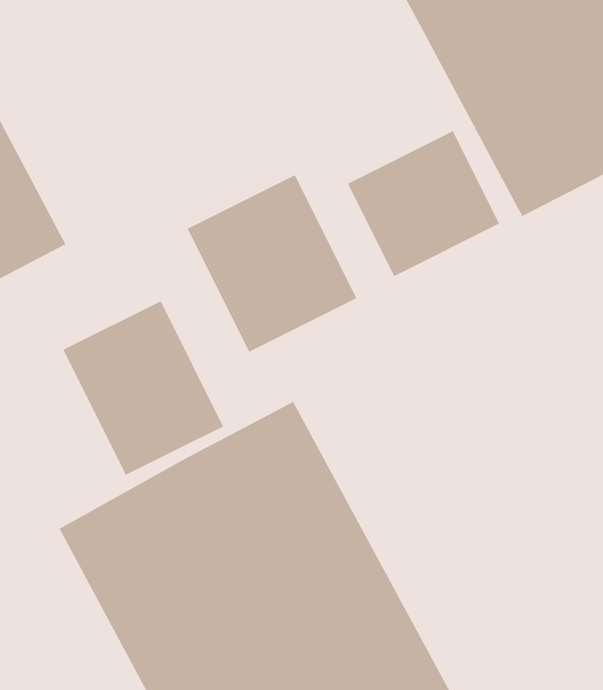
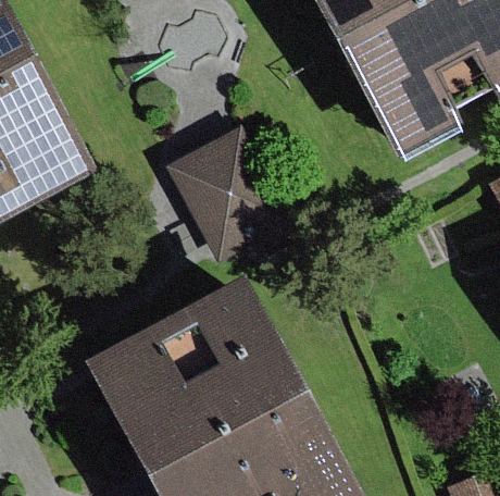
building: [347,130,500,277] -> none
building: [62,300,224,476] -> none

